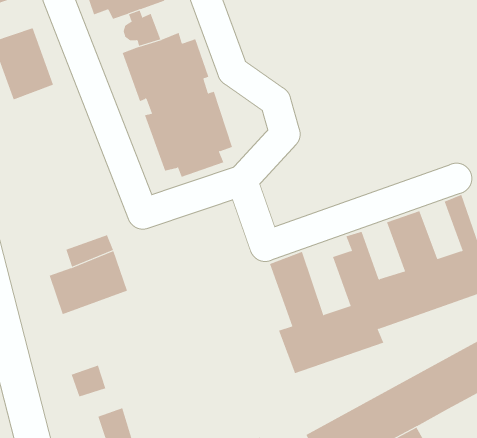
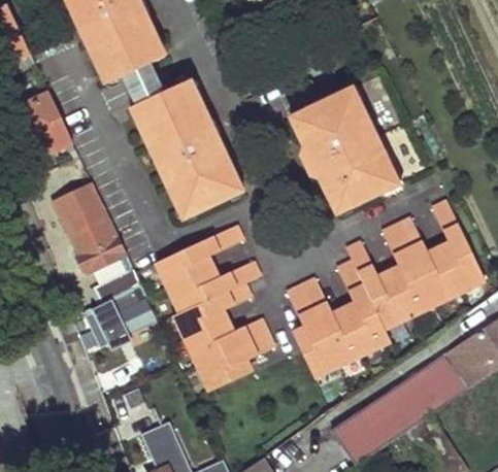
building: none -> [291,91,396,206]
building: none -> [53,182,125,269]
building: none -> [158,225,276,392]

